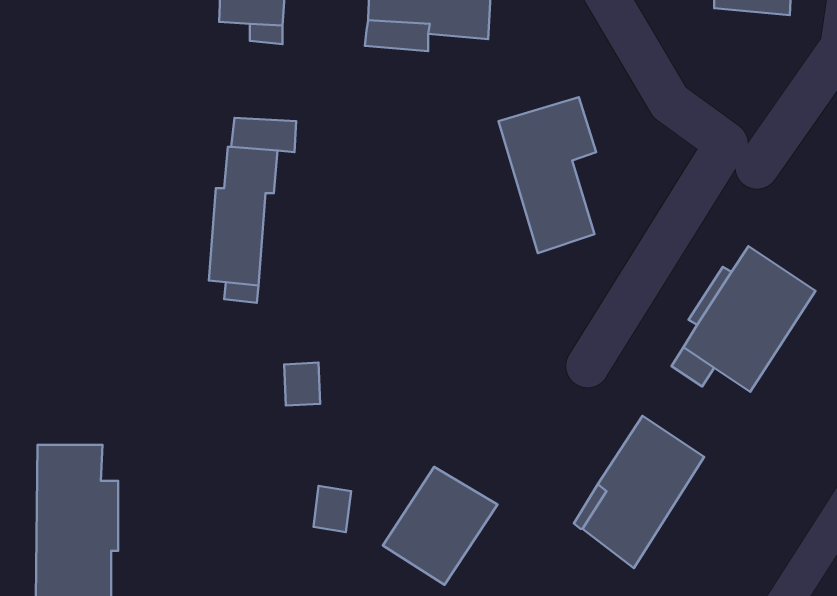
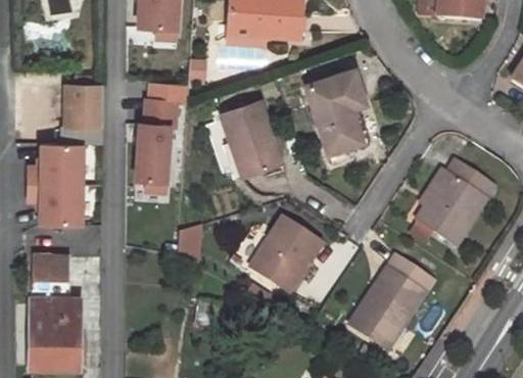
building: none -> [61,75,100,126]
building: none -> [223,101,283,176]
building: none -> [29,142,83,225]
building: none -> [32,254,70,278]
building: [383,467,498,585] -> [253,221,322,291]

